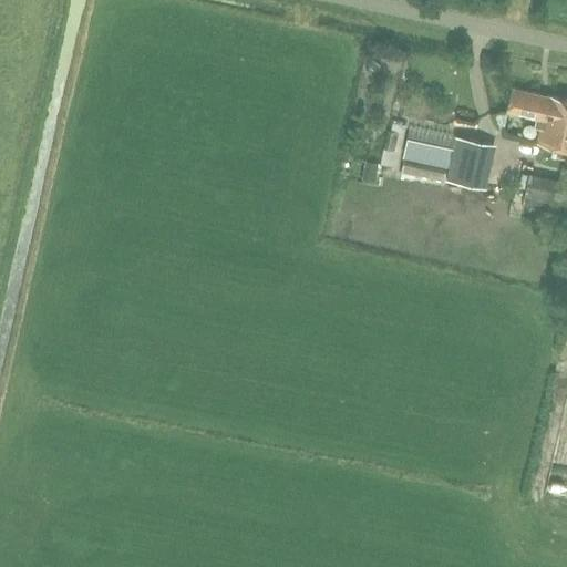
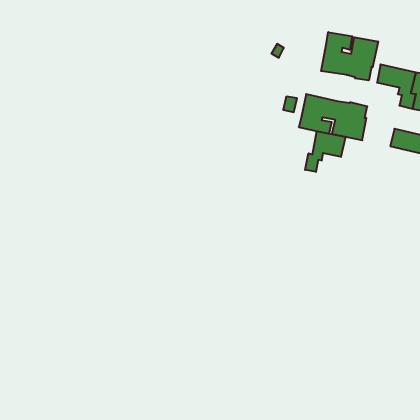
building: none -> [321,32,378,80]
building: none -> [305,131,346,172]

